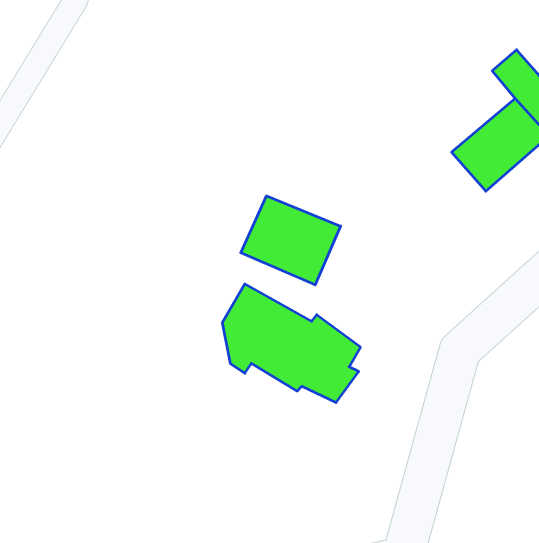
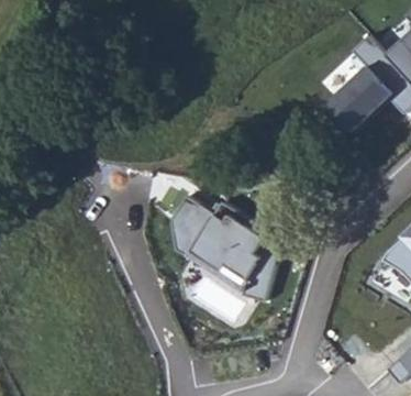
building: [241,196,341,285] -> none

